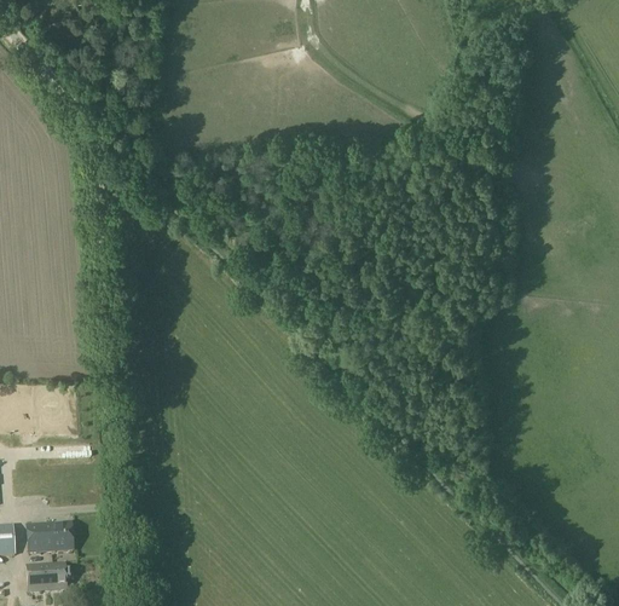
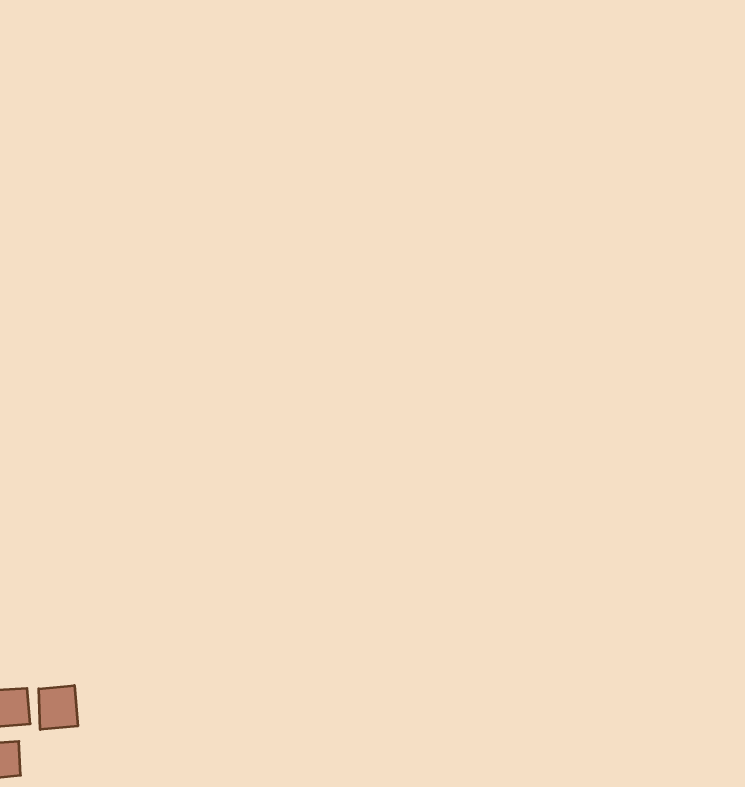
building: none -> [39,685,78,730]

